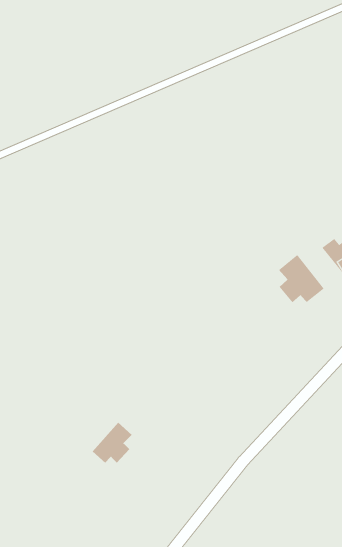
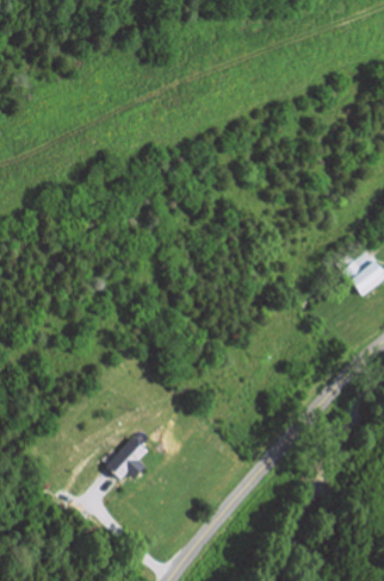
building: [278,254,324,303] -> none

